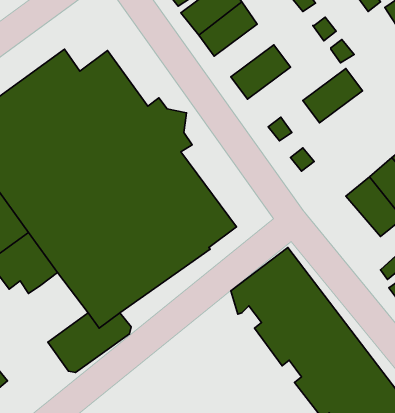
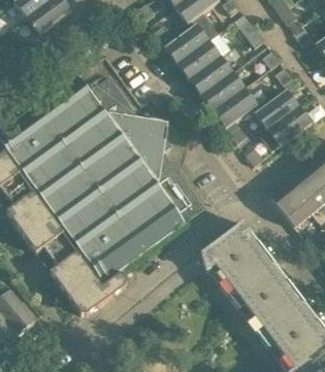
building: none -> [189,55,233,94]
building: none -> [214,87,258,127]
building: none -> [267,104,312,145]
building: none -> [270,182,313,227]
building: none -> [50,239,95,291]

